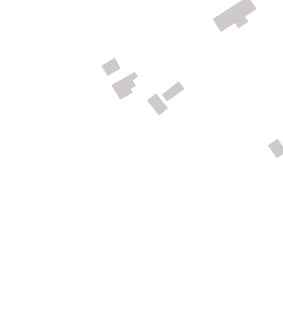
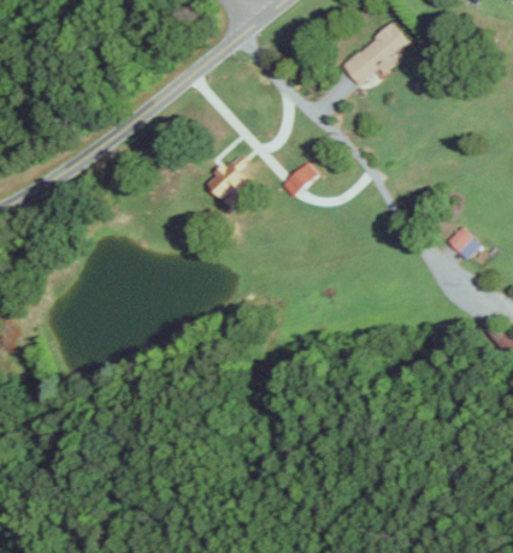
building: [100,56,122,77] -> none
building: [146,92,169,117] -> none

